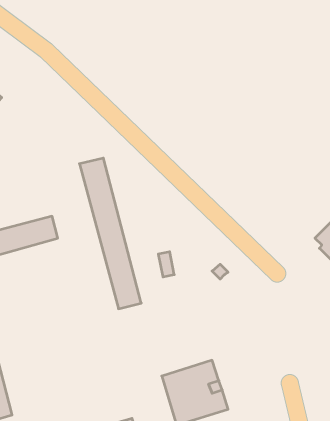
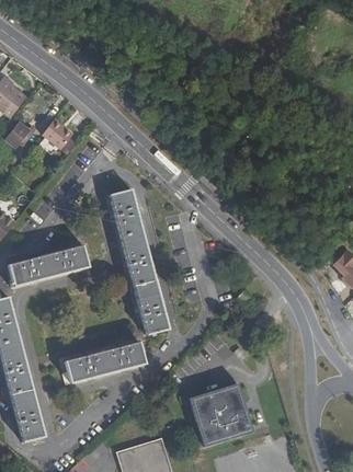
building: none -> [38,120,77,153]
building: none -> [64,339,146,382]

